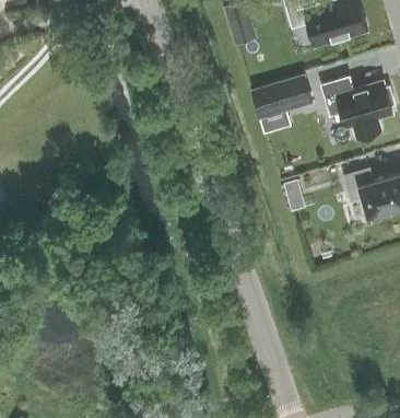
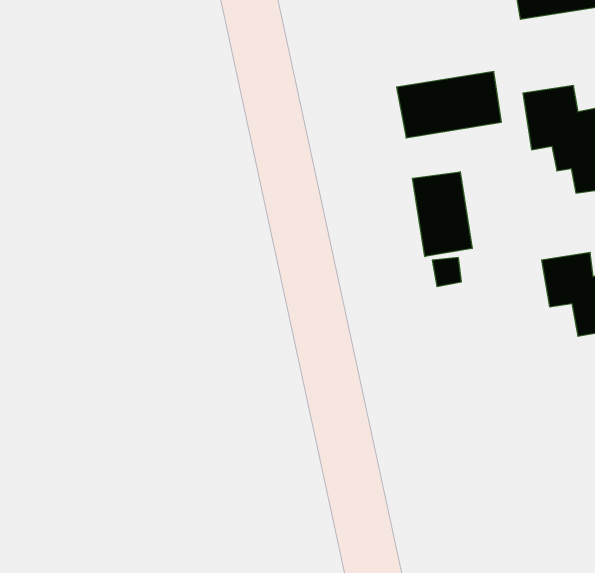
building: none -> [412,172,472,257]

